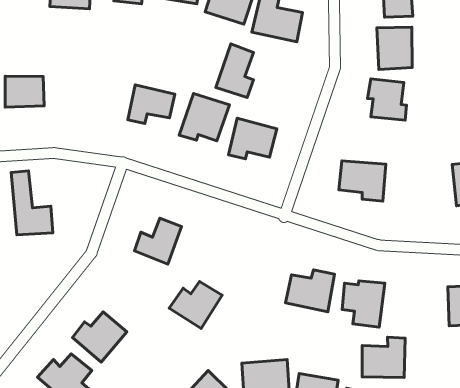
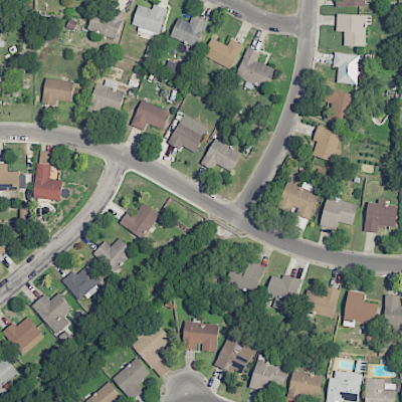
building: [216,44,254,97] -> none
building: none -> [87,79,125,115]
building: none -> [320,196,358,229]
building: [169,281,222,328] -> [92,238,134,273]
building: [362,337,405,377] -> [301,286,339,319]

